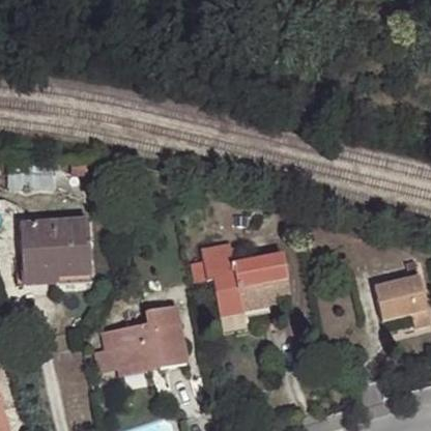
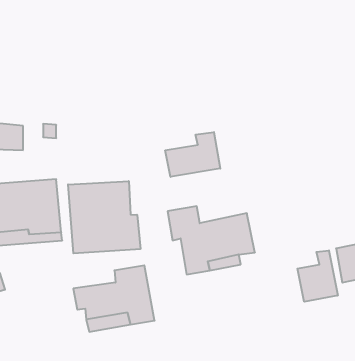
building: none -> [165,132,220,177]
building: none -> [68,181,140,253]
building: none -> [297,250,338,302]

